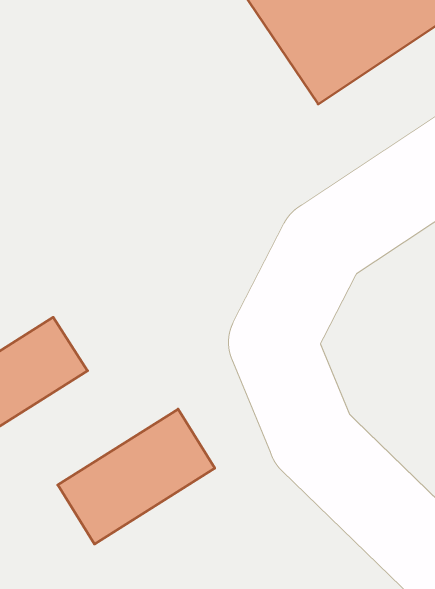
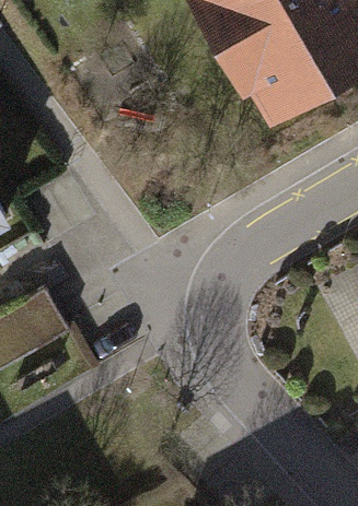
building: [58,409,215,544] -> none

